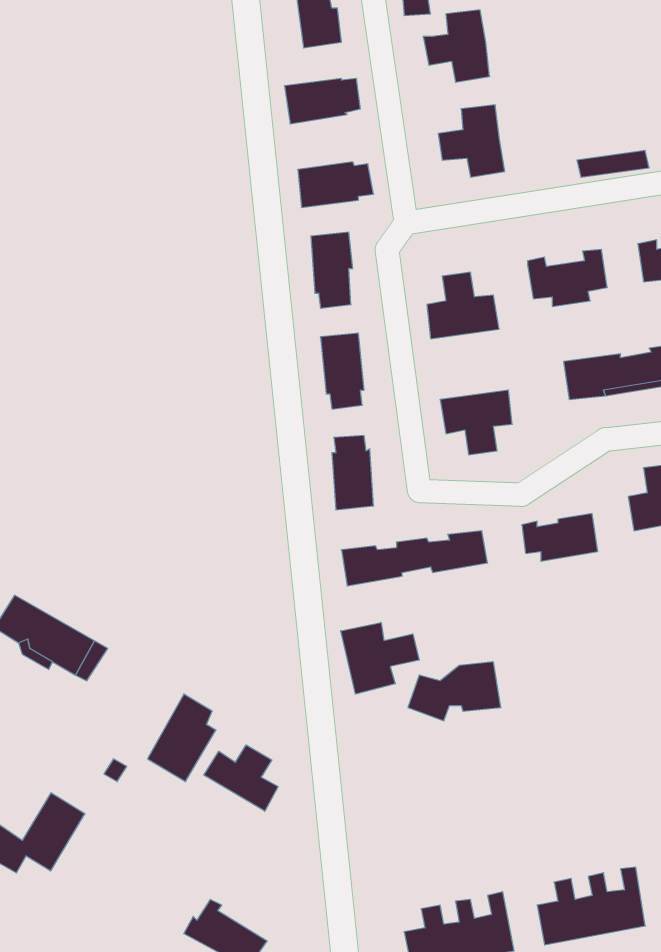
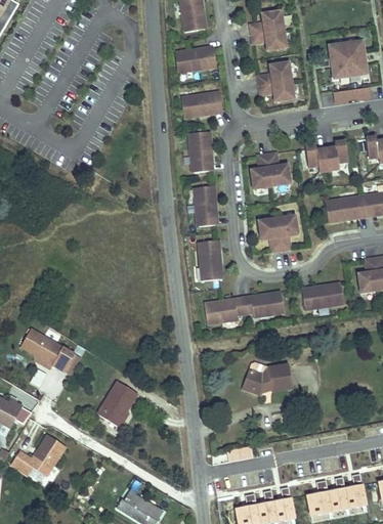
building: none -> [329,41,366,78]
building: [341,622,419,694] -> none
building: [204,745,278,811] -> none

